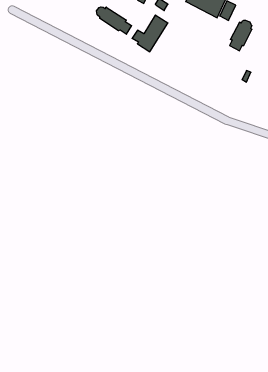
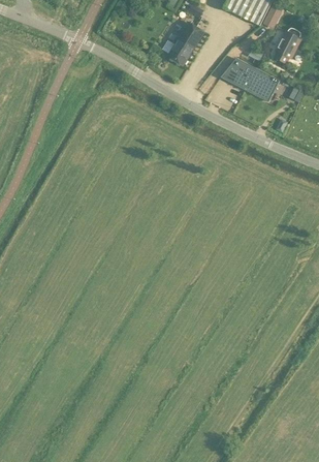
building: [96,7,132,34] -> none
building: none -> [222,57,278,100]

